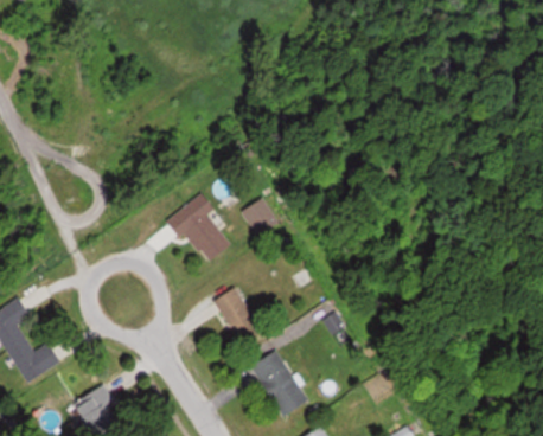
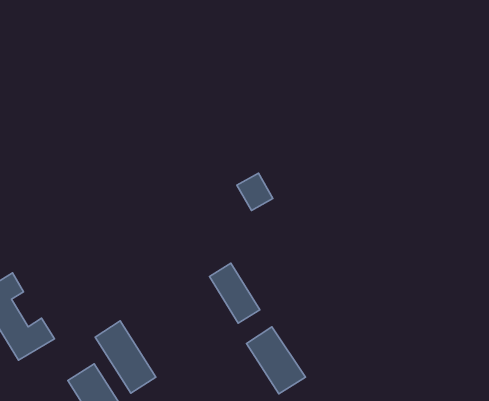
building: [168,191,230,263] -> none
building: none -> [95,321,156,393]

